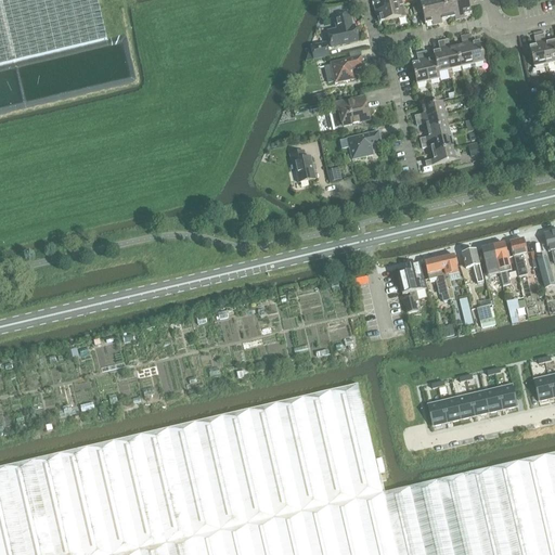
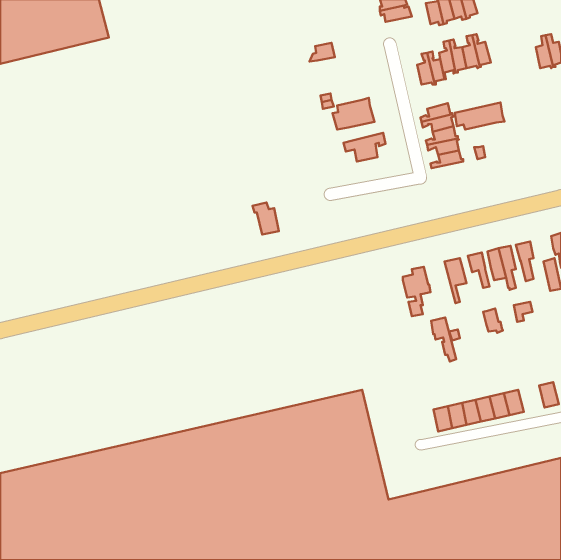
building: [327,13,358,47] -> none
building: [324,55,364,83] -> none
building: none -> [455,102,505,130]
building: [289,151,315,182] -> [252,203,279,234]
building: [425,258,450,301] -> [431,318,456,362]

